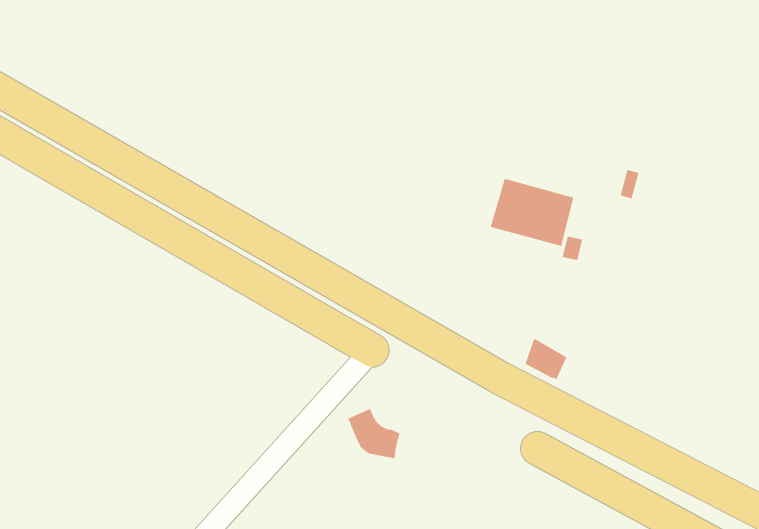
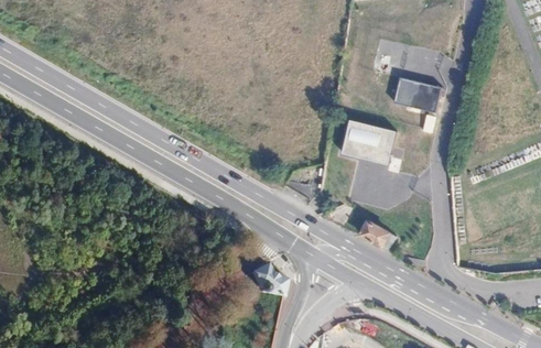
building: none -> [393,77,441,111]

